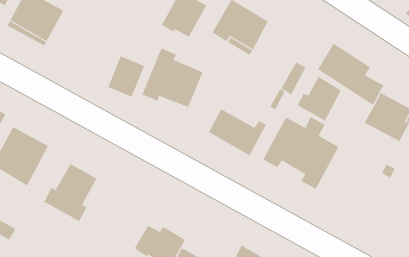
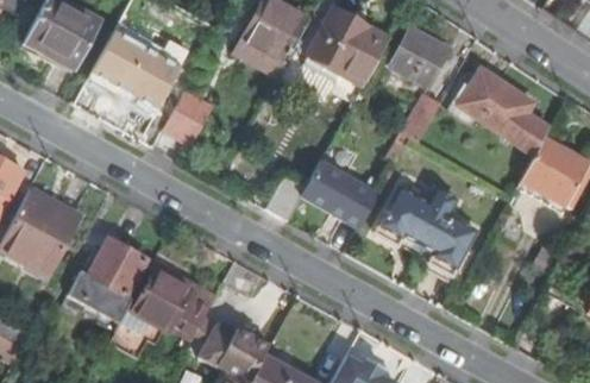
building: none -> [389,29,446,86]
building: none -> [105,38,178,108]
building: [142,47,203,108] -> none
building: [297,76,342,122] -> none
building: none -> [112,275,211,357]

